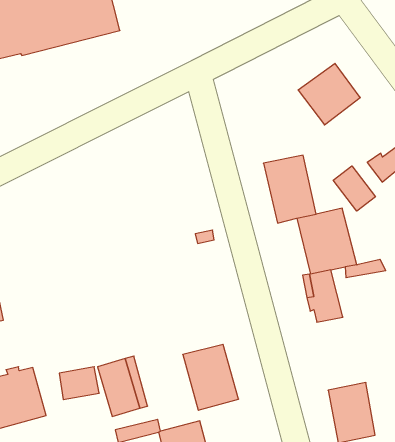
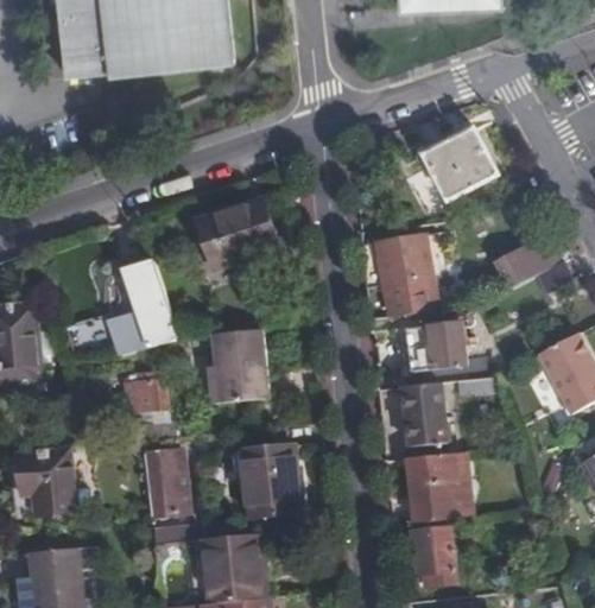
building: none -> [197,197,279,267]
building: [333,166,375,211] -> none
building: none -> [112,260,177,348]
building: none -> [214,327,271,403]
building: none -> [406,451,463,514]
building: [59,367,99,400] -> [121,378,165,411]

